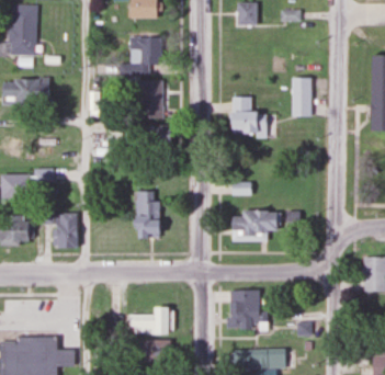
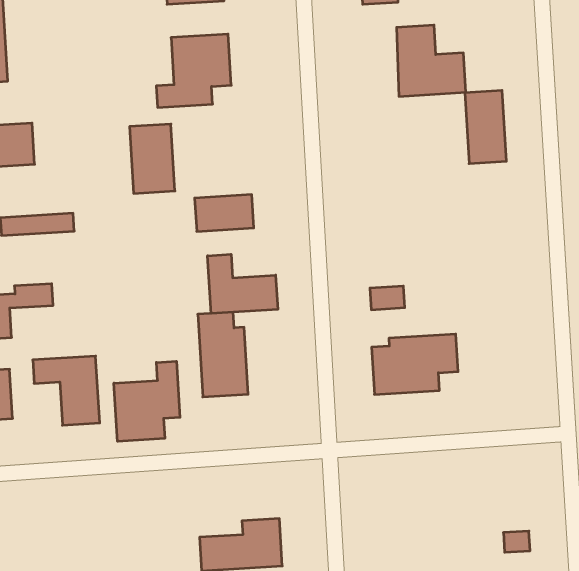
building: [139,81,162,118] -> [130,124,175,193]
building: [229,98,267,136] -> [397,25,466,96]
building: none -> [208,254,278,313]
building: none -> [114,361,180,441]
building: [227,292,263,330] -> none

